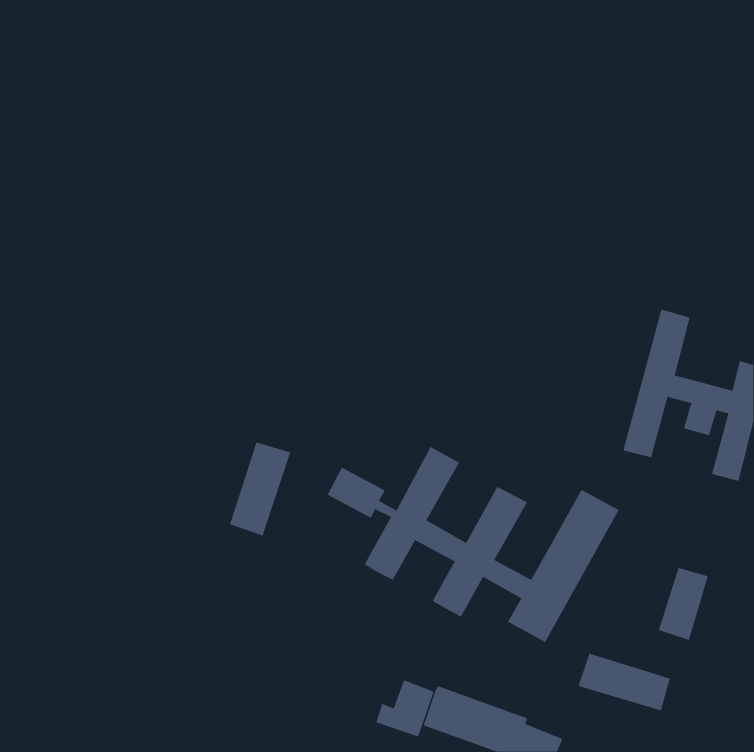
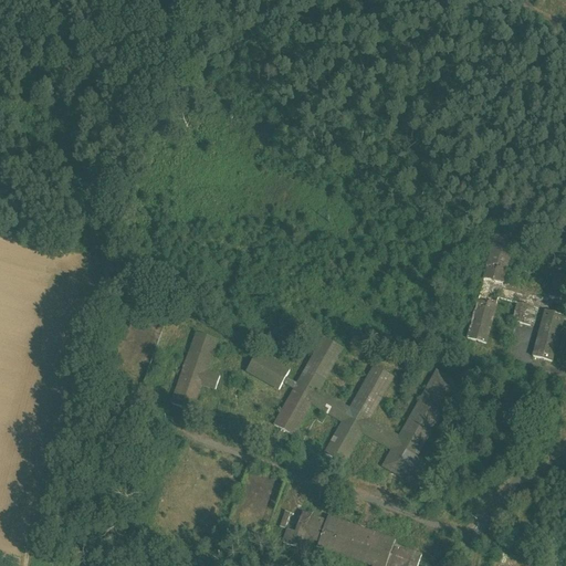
building: [658,567,708,641] -> none
building: [578,653,671,711] -> none

